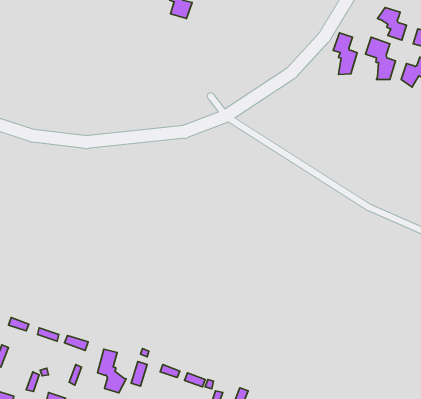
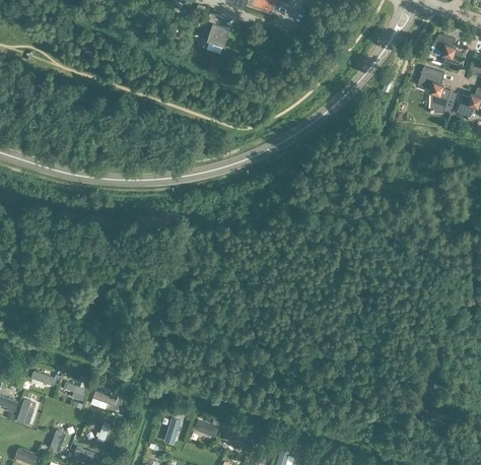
building: [333,33,357,74] -> none
building: [97,349,126,393] -> none

